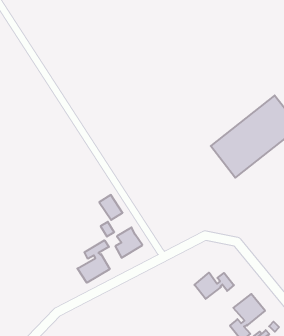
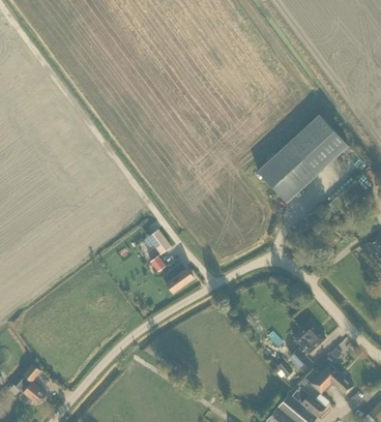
building: [77,240,110,283] -> none
building: [194,273,234,299] -> none

